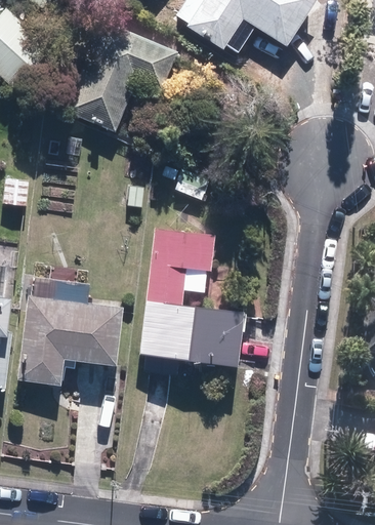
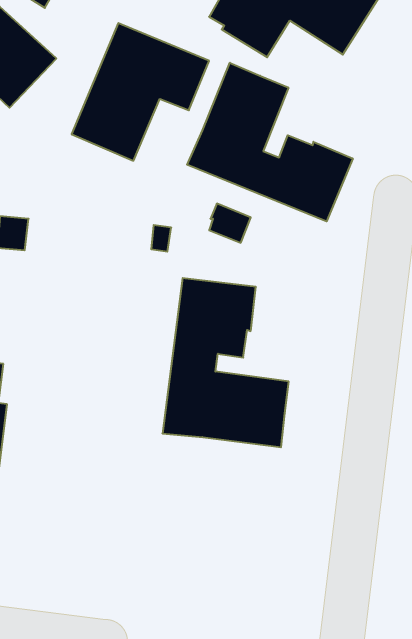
building: none -> [187,63,353,221]
building: [18,278,122,386] -> none

